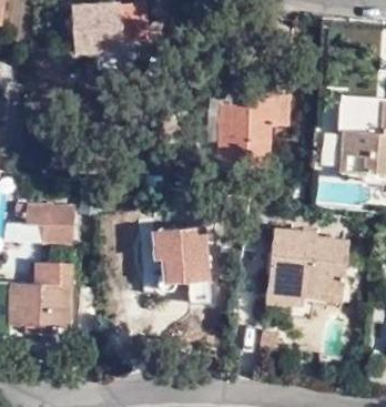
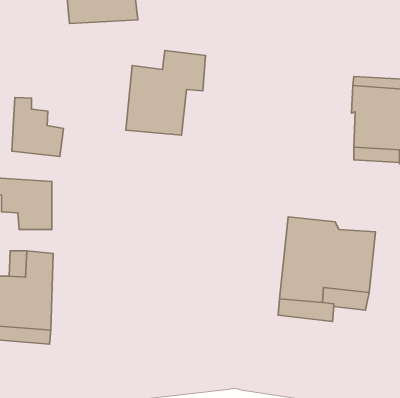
building: [221,83,291,157] -> [126,50,205,135]
building: none -> [12,97,64,157]
building: [153,226,213,304] -> none

